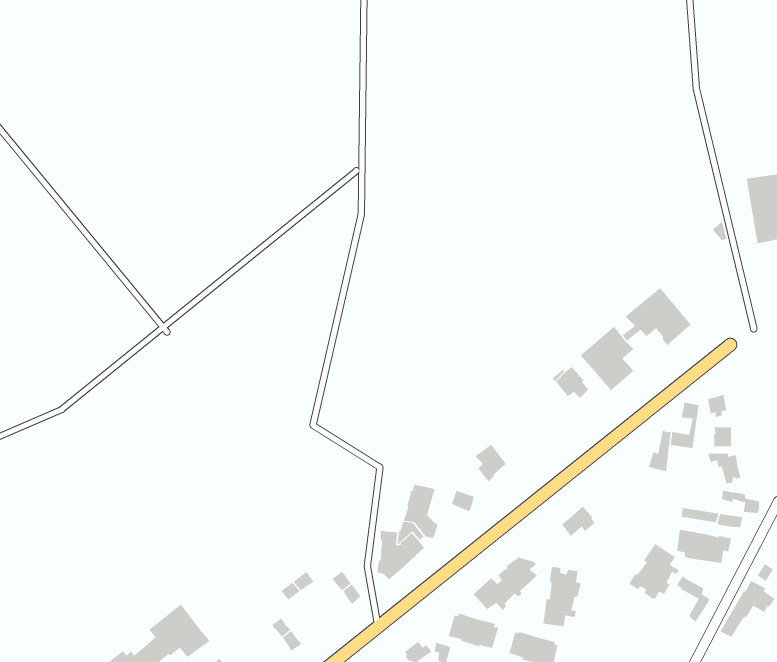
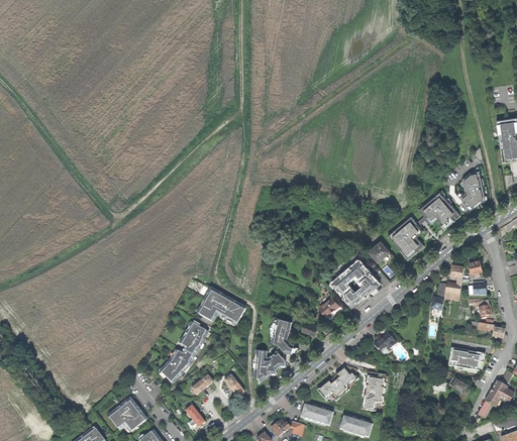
building: none -> [457,164,486,211]
building: none -> [331,257,379,307]
building: none -> [159,289,244,381]
building: [629,543,680,600] -> none

